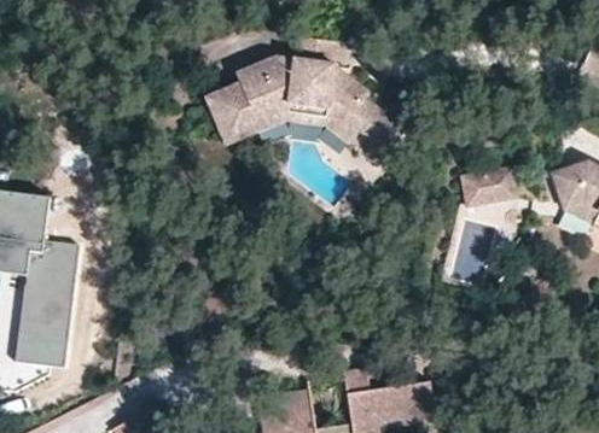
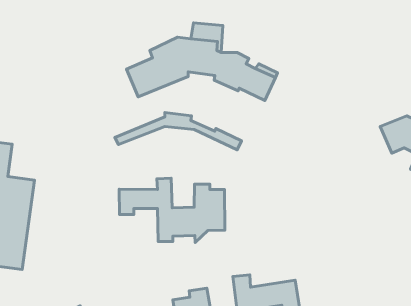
building: [217,101,389,152] -> [115,112,242,150]
building: [461,174,518,209] -> none
building: none -> [119,178,225,242]

